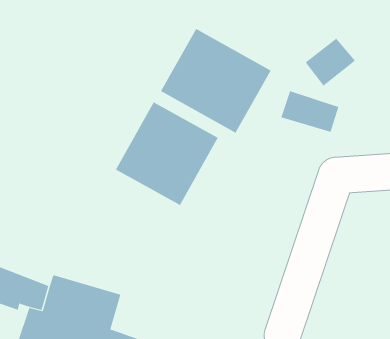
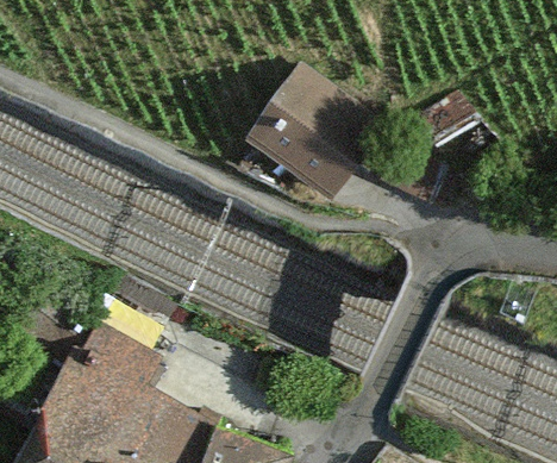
building: [115,101,219,206] -> none

